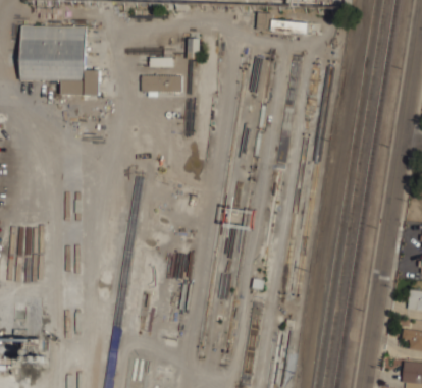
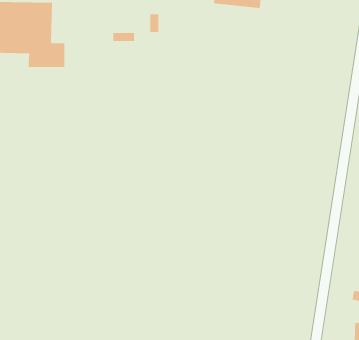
building: [141,73,182,91] -> none

